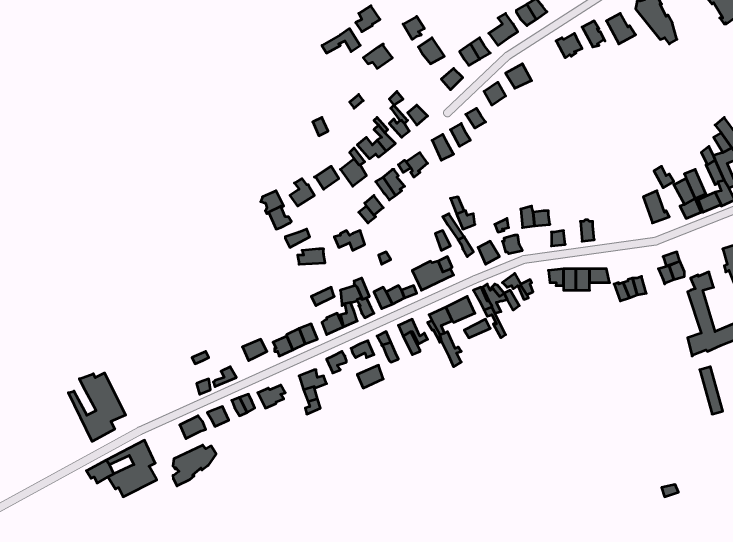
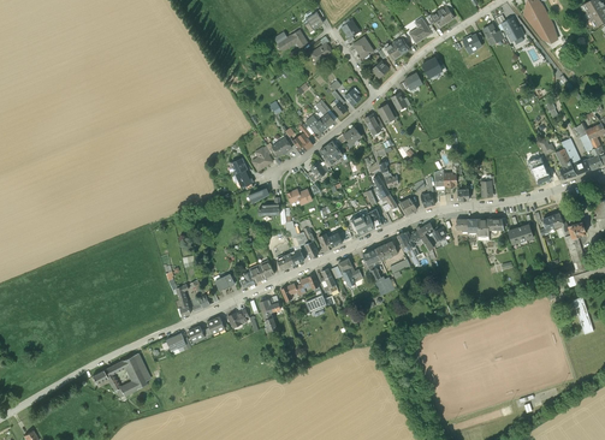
building: [68,373,126,441] -> none
building: [173,445,216,486] -> none

